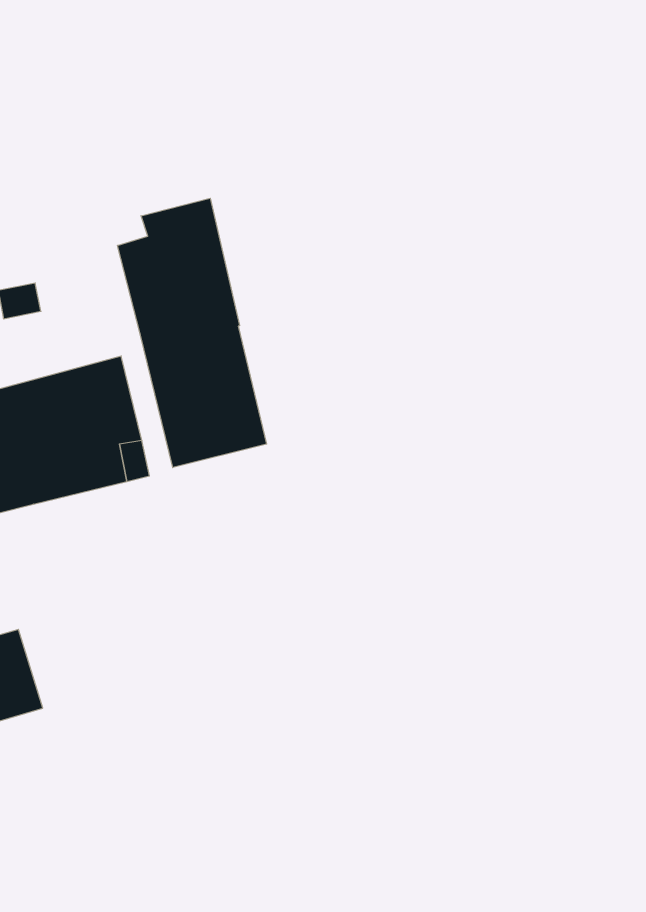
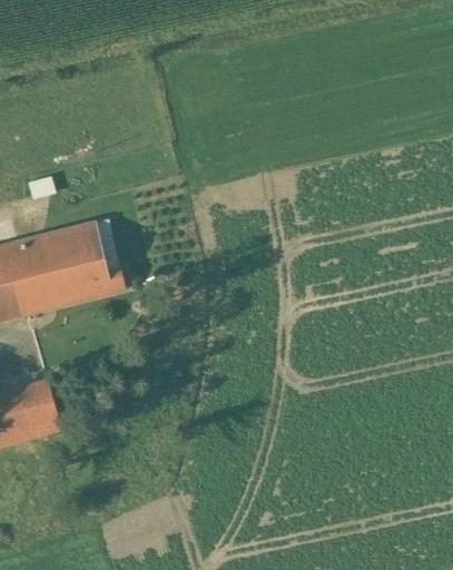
building: [118,198,267,468] -> none

